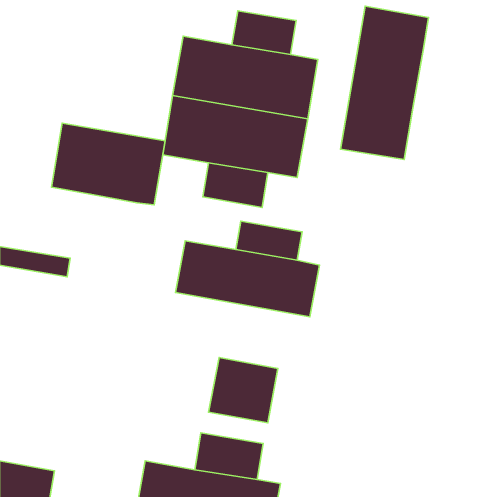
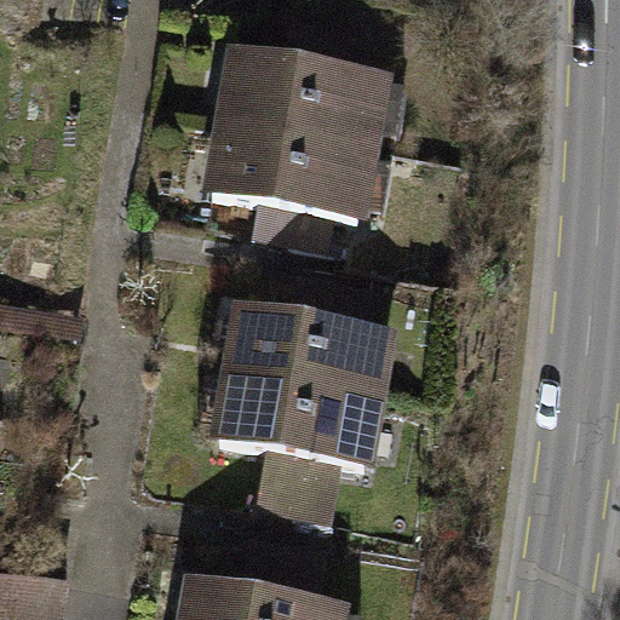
building: [341,6,429,160] -> none
building: [52,123,165,205] -> none
building: none -> [206,364,385,464]

